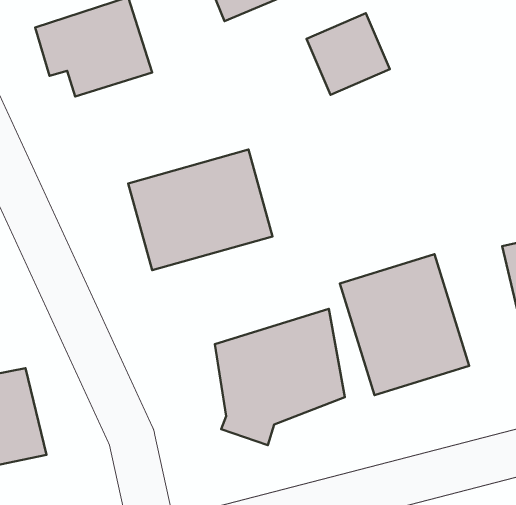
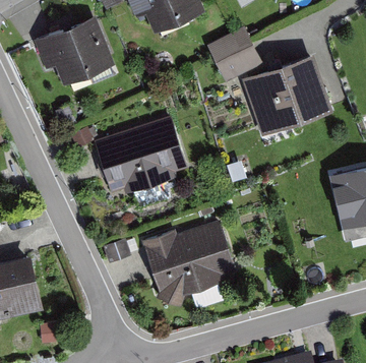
building: none -> [245,57,333,132]
building: [340,254,469,395] -> none

